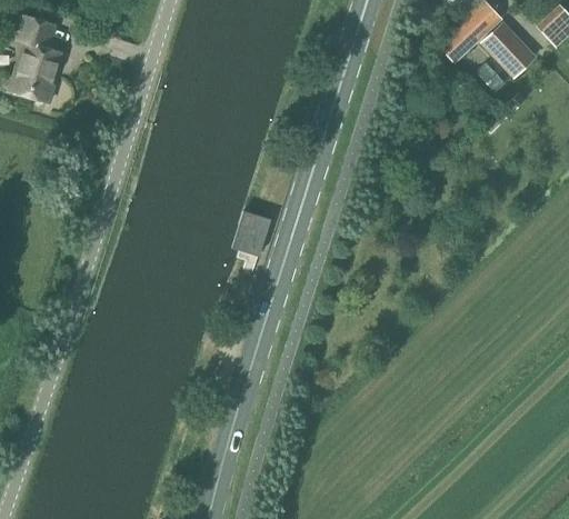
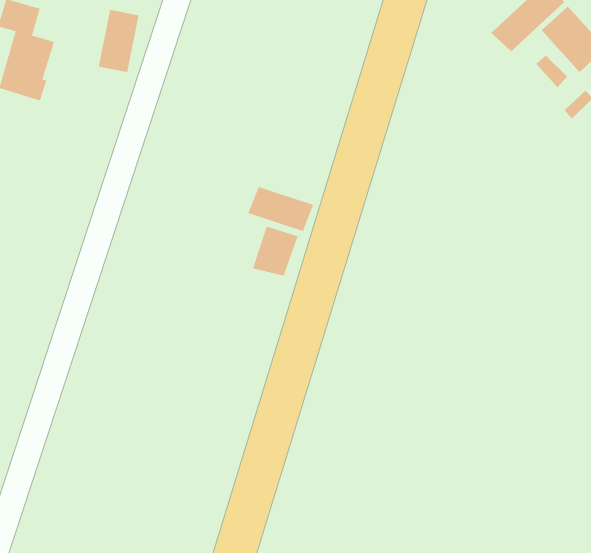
building: none -> [98,9,139,73]
building: none -> [248,186,314,232]

